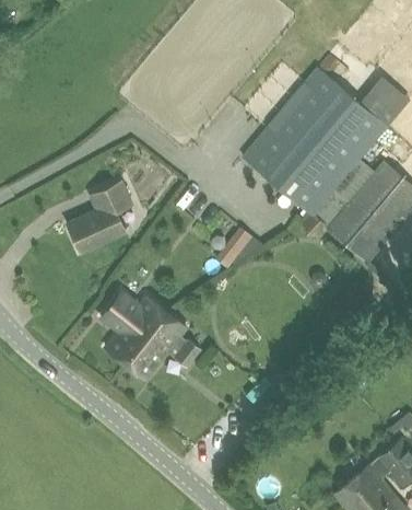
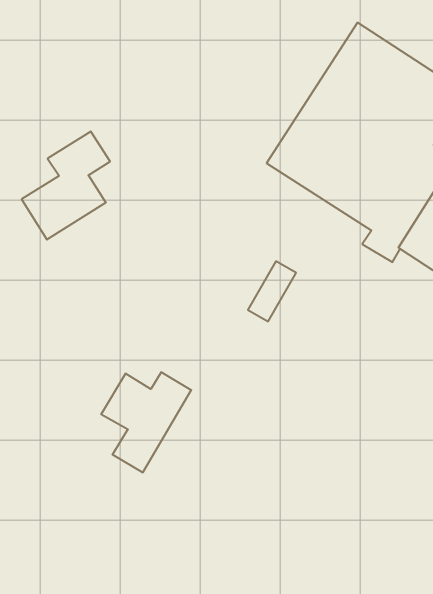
building: [68,182,133,254] -> [22,131,110,240]
building: [127,311,202,380] -> none

